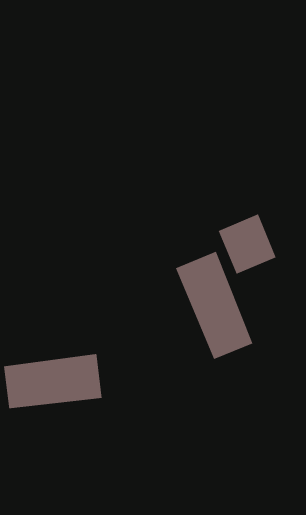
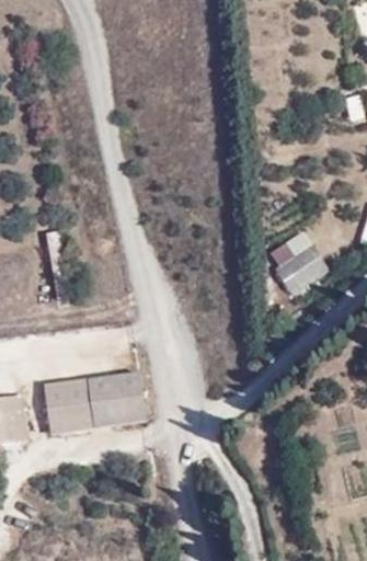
building: [175,251,253,360] -> none

